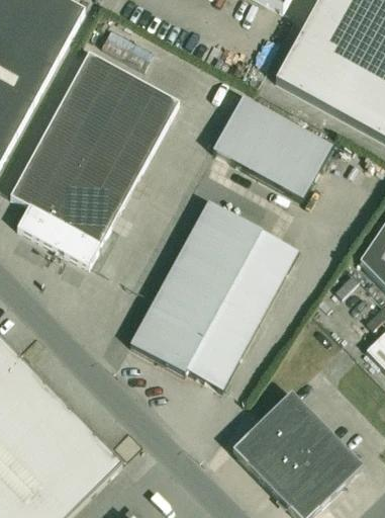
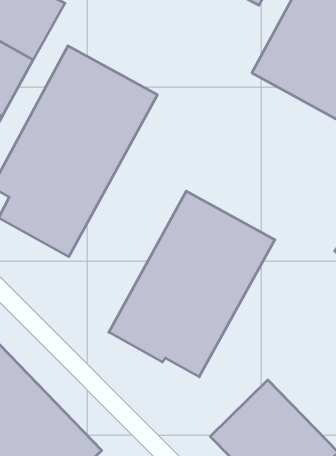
building: [212,95,331,199] -> none

